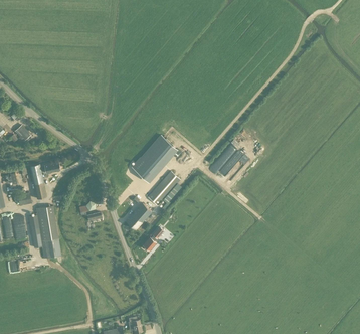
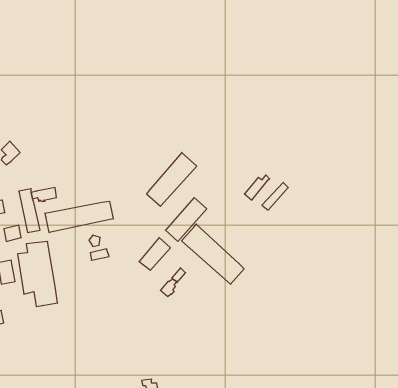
building: none -> [45,201,113,233]
building: none -> [182,224,244,284]

